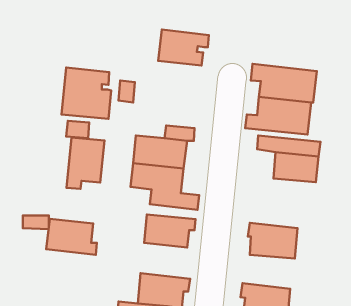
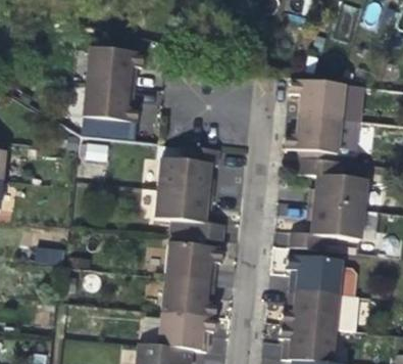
building: [158,30,209,65] -> [84,45,140,85]
building: [66,138,104,189] -> none
building: none -> [288,203,361,247]
building: [46,219,97,255] -> [166,275,222,315]
building: none -> [280,288,356,328]

